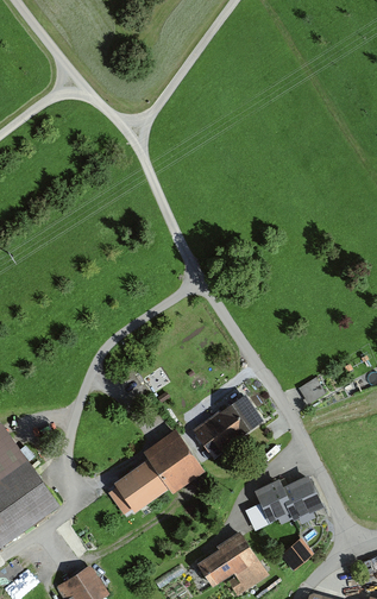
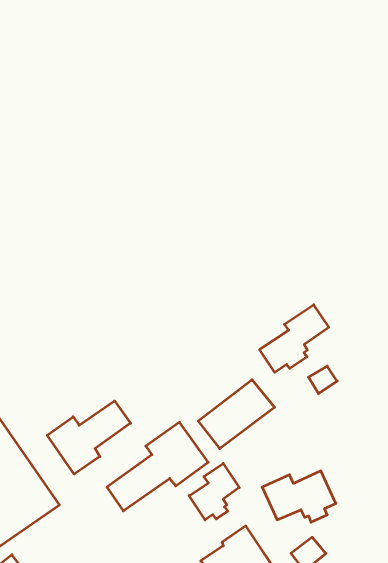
building: none -> [260,305,329,372]
building: none -> [47,401,131,474]
building: none -> [189,463,239,520]

